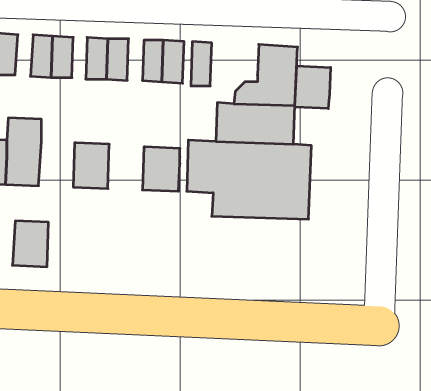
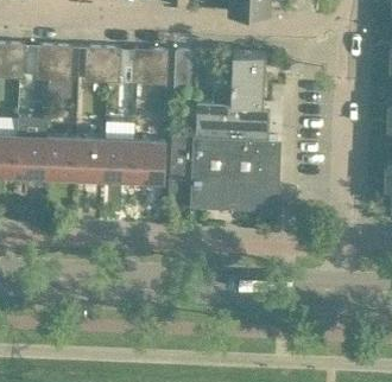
building: [295,66,331,109] -> none
building: none -> [105,141,135,180]
building: [12,221,48,267] -> [45,139,76,178]

